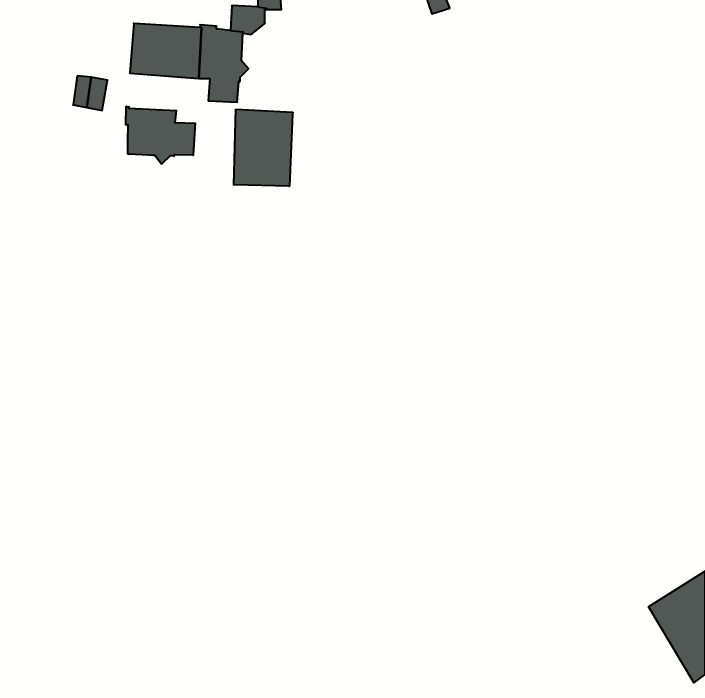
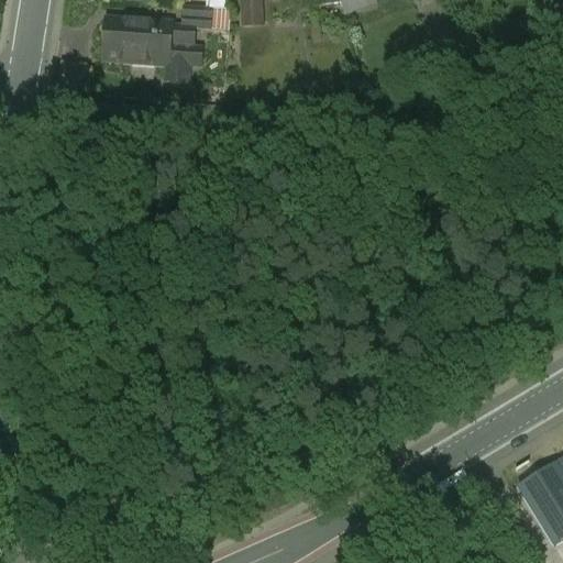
building: [126,106,195,164] -> none
building: [234,109,293,186] -> none

